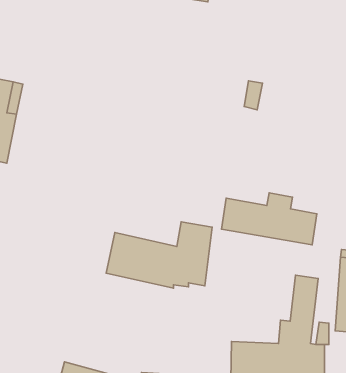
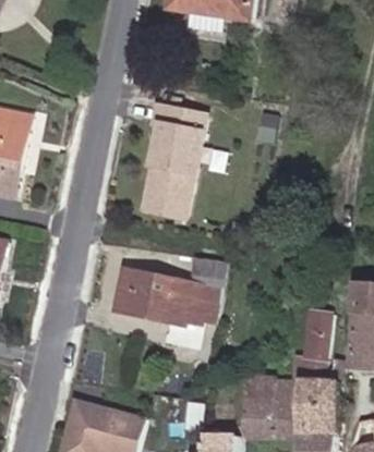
building: none -> [141,103,205,218]
building: [222,193,317,245] -> none

